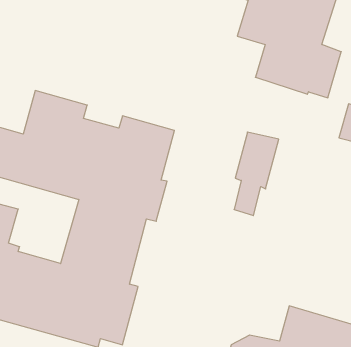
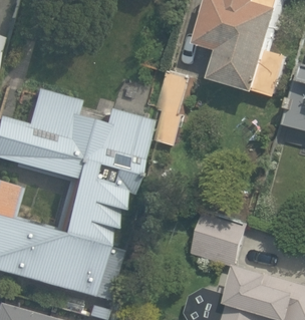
building: [234,132,279,216] -> [157,70,194,139]
building: none -> [194,220,247,268]

